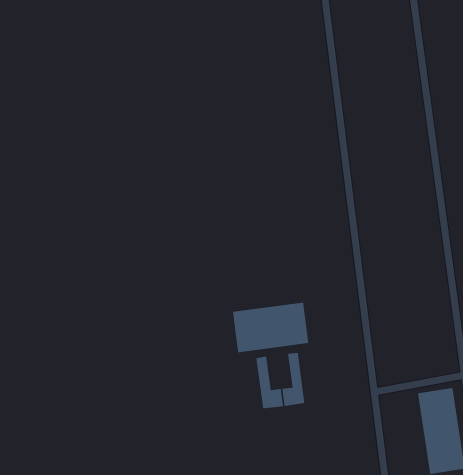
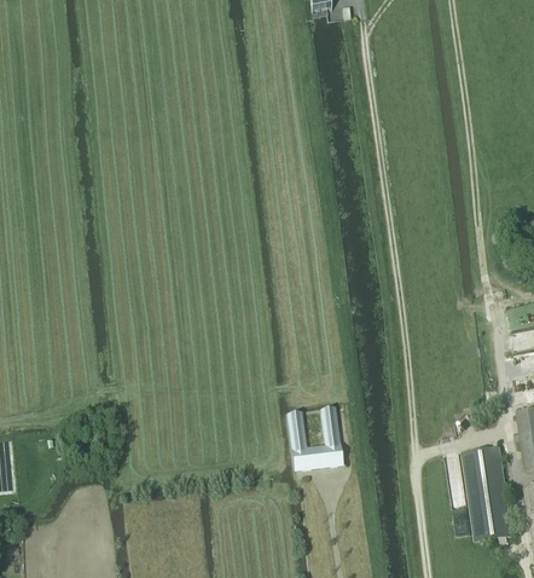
building: [232,302,309,353] -> none

